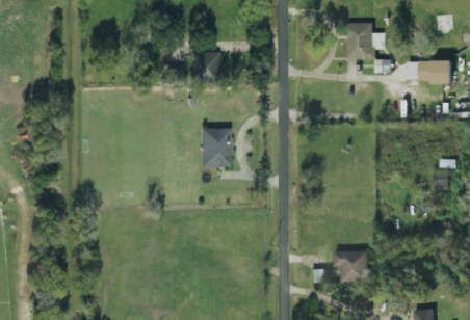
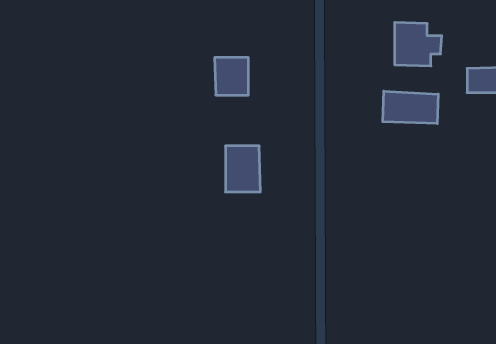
building: none -> [383,91,438,124]
building: [335,250,370,283] -> none

